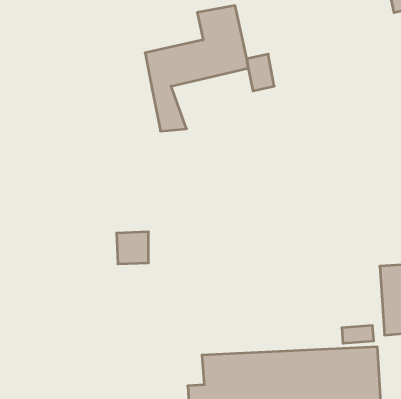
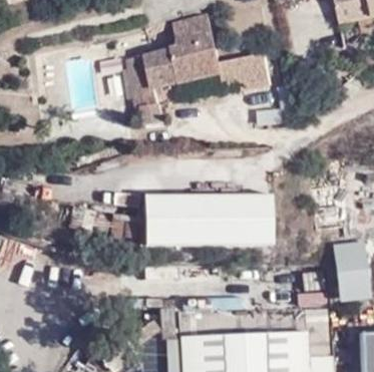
building: none -> [236,55,271,93]
building: none -> [139,189,270,244]

